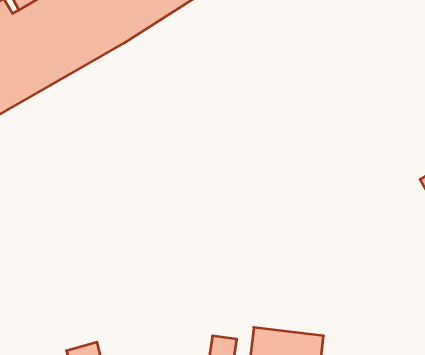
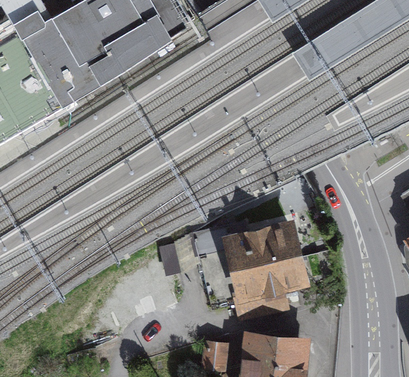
building: none -> [193,225,303,326]

